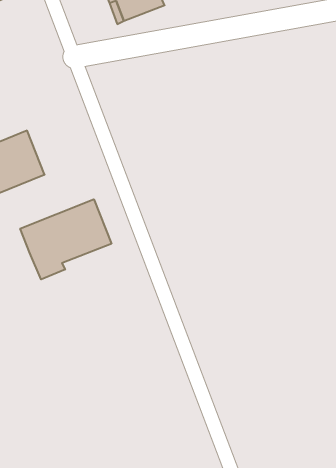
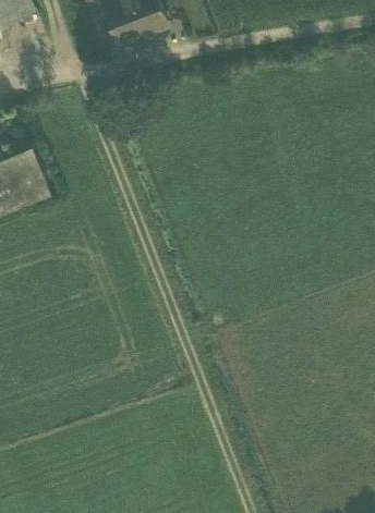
building: [20,199,111,279] -> none

